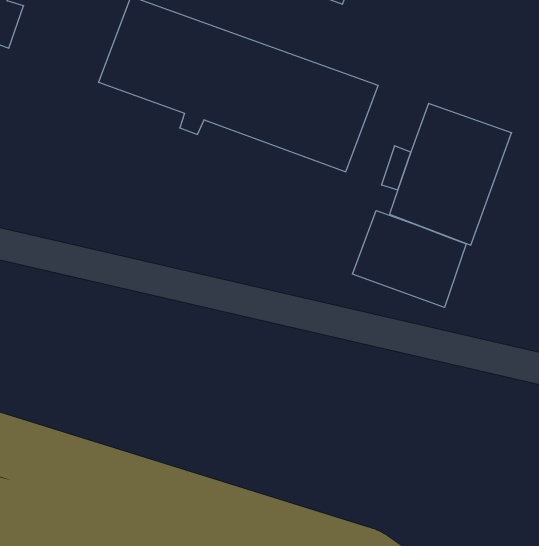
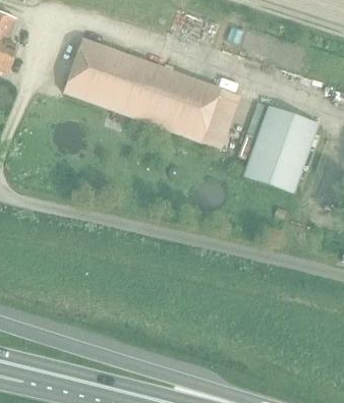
building: [353,211,466,307] -> none

